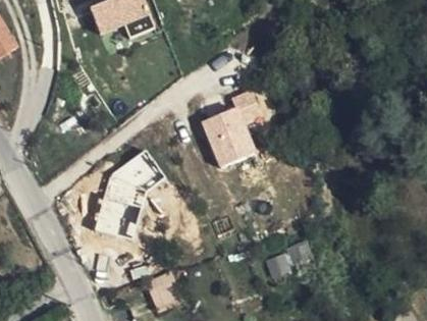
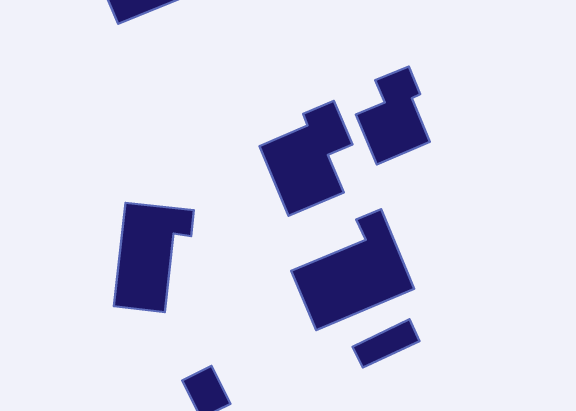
building: none -> [356,66,430,164]
building: none -> [291,209,414,330]

